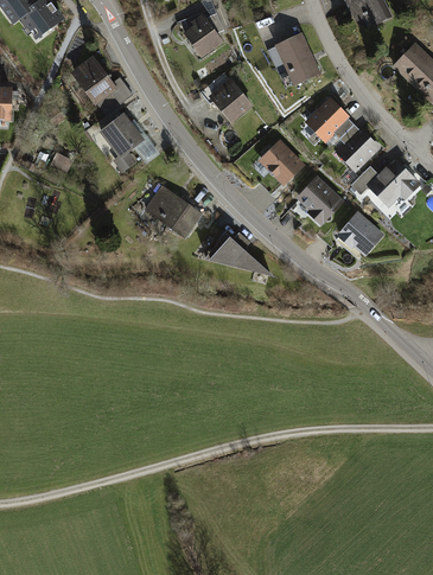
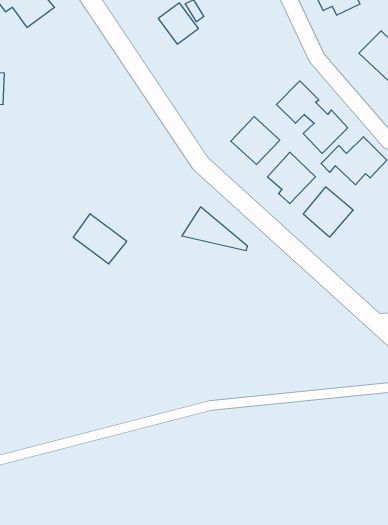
building: [274,32,320,85] -> none
building: [70,55,120,107] -> none
building: [209,78,251,122] -> none
building: [98,111,145,173] -> none
building: [145,185,202,238] -> [73,214,127,264]

